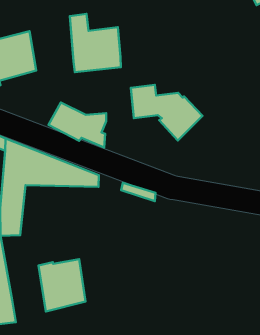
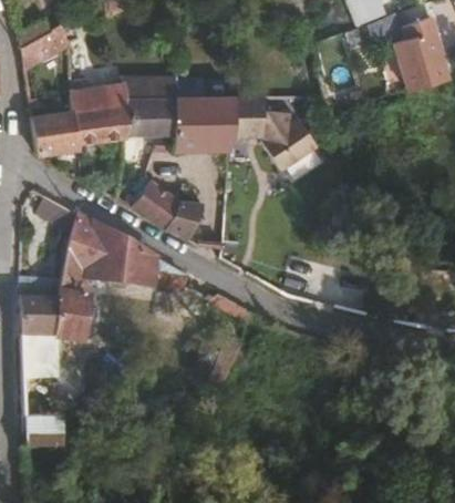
building: none -> [121,75,174,137]
building: [131,85,203,140] -> [230,96,316,168]
building: [39,259,85,312] -> none

